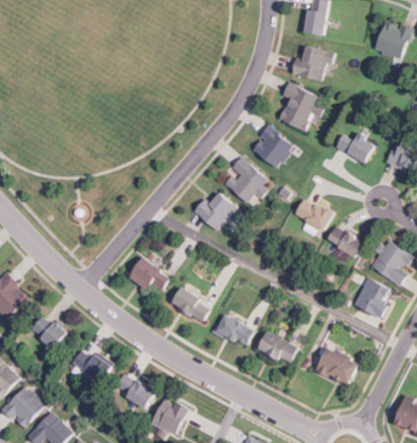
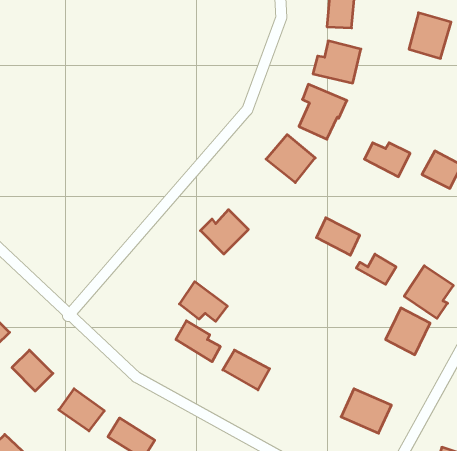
building: [226,156,268,203] -> none
building: [129,256,170,291] -> [179,282,227,321]
building: [258,330,298,365] -> none

